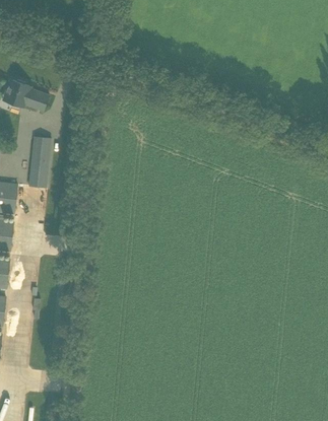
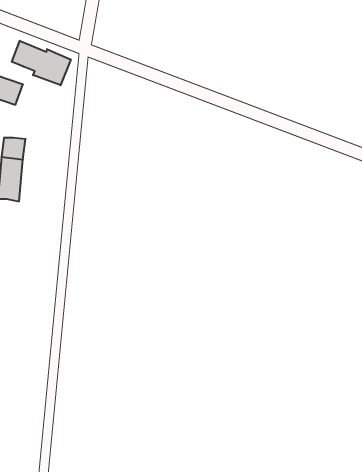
building: none -> [12,41,71,85]

